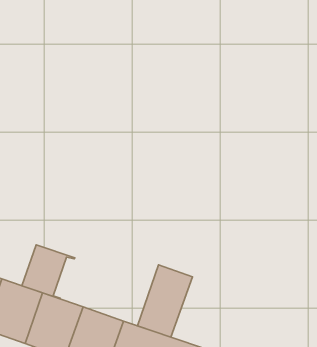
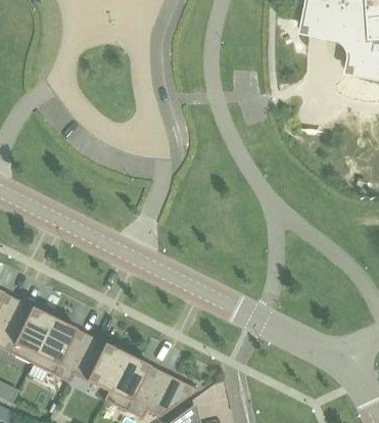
building: [22,245,75,299] -> none
building: [138,265,192,337] -> none

